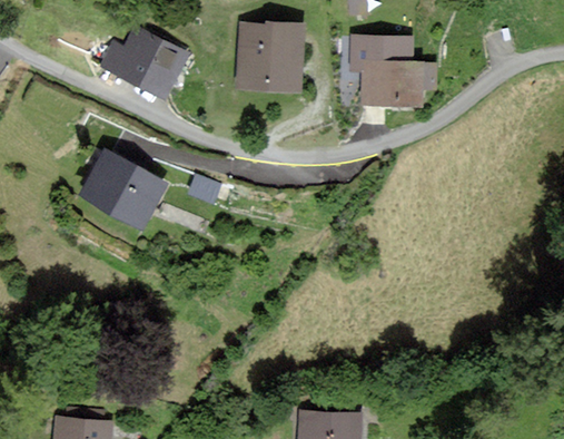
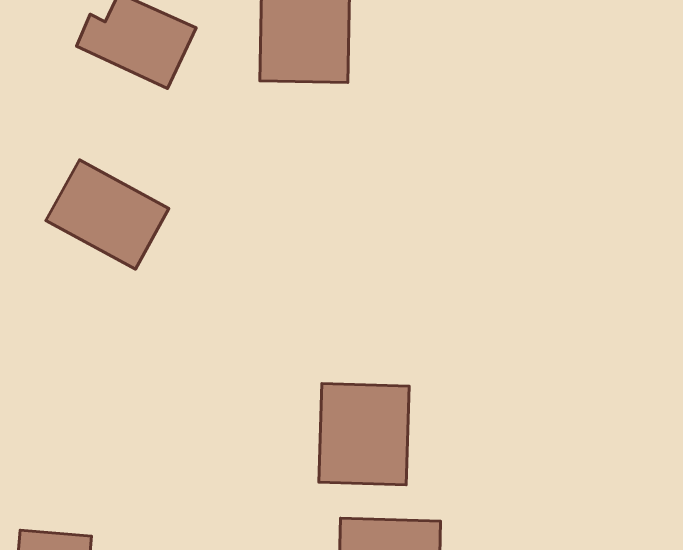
building: [352,35,432,100] -> none
building: none -> [319,384,409,485]

